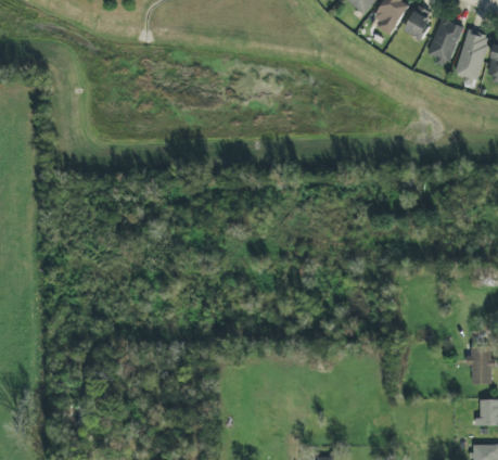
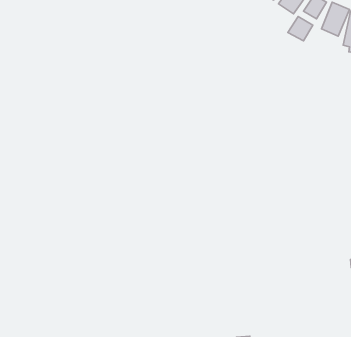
building: none -> [288,16,313,41]

